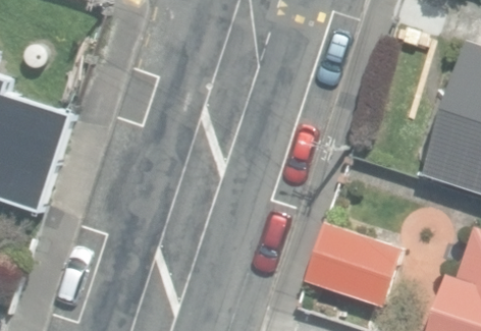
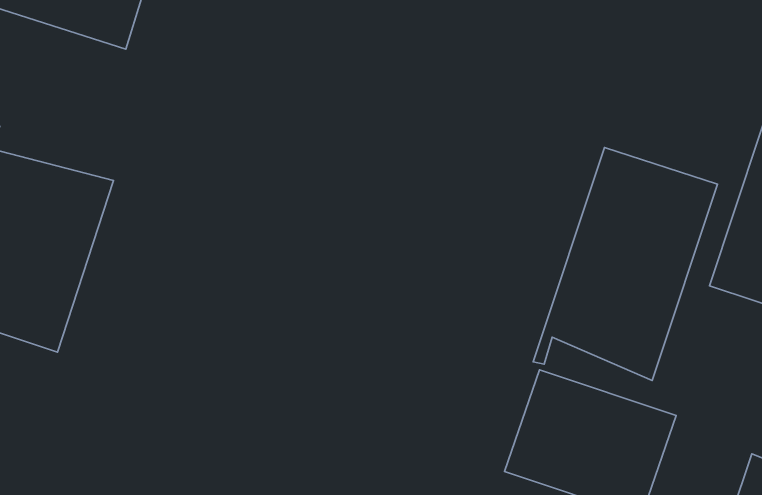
building: none -> [533,147,718,380]

